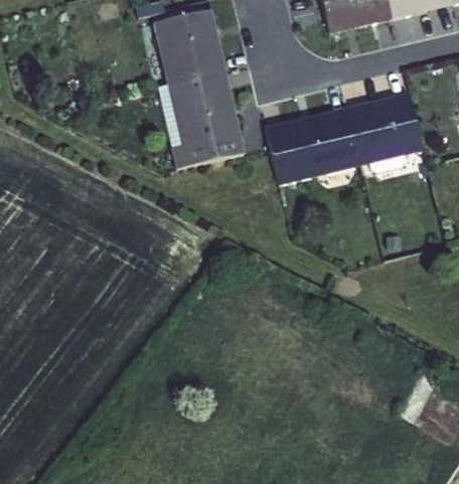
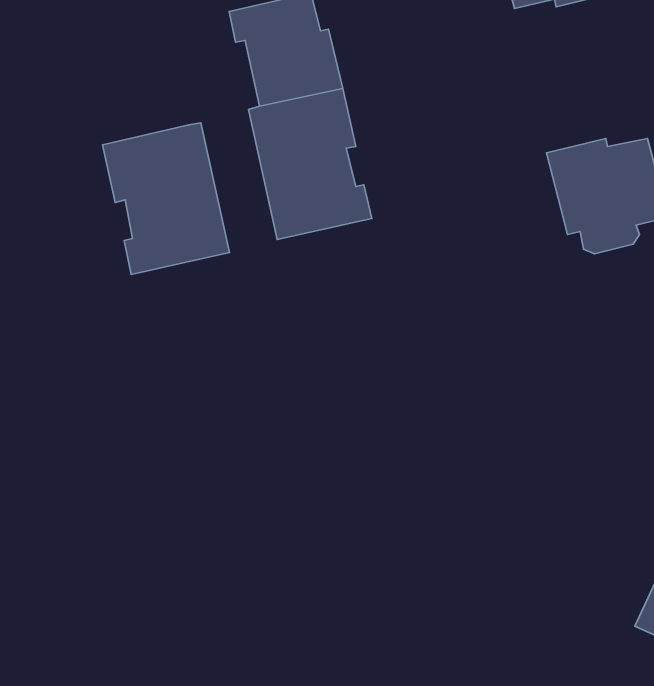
building: none -> [102,123,230,274]
building: [271,112,363,188] -> none

